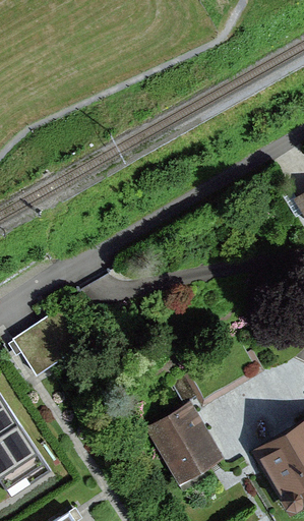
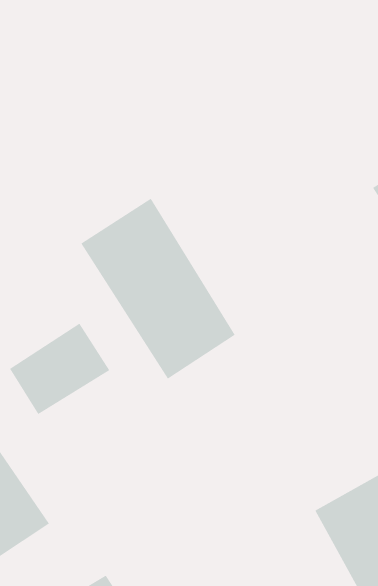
building: none -> [81,198,236,379]
building: [147,400,229,484] -> none

